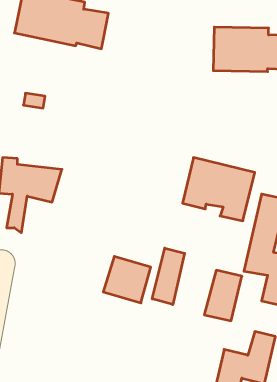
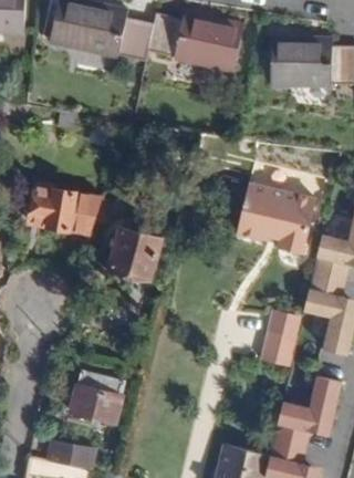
building: none -> [147,11,244,72]
building: [152,248,185,305] -> none
building: [103,256,151,303] -> [108,226,162,278]
building: none -> [70,368,126,425]

